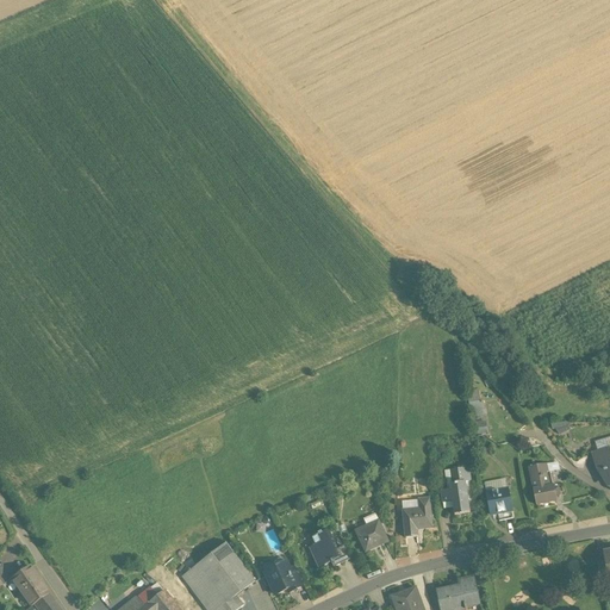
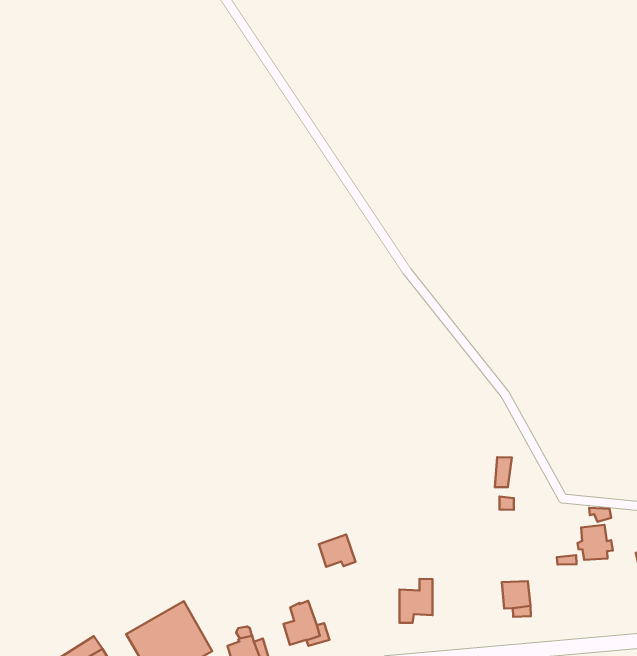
building: [440,467,469,515] -> none
building: [529,474,559,505] -> [578,525,613,560]
building: [355,519,387,548] -> [319,535,356,567]

